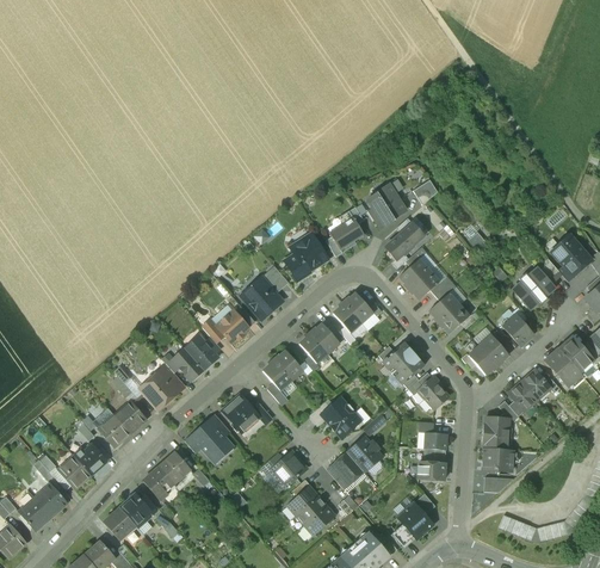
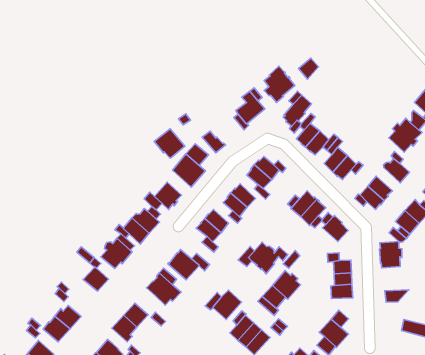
building: [291,234,328,270] -> [154,129,185,158]
building: [99,415,131,446] -> none
building: [483,447,513,470] -> none

